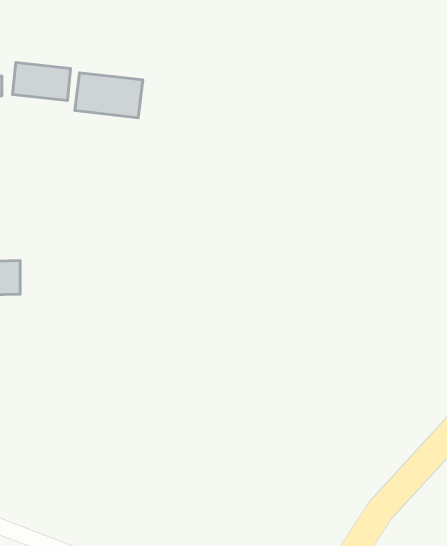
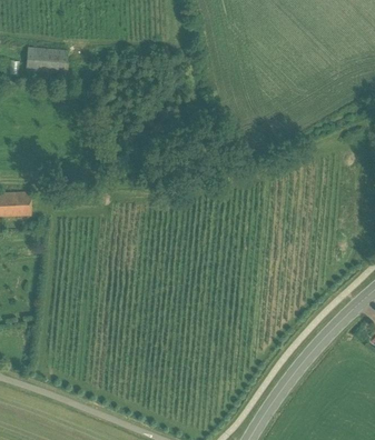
building: [75,73,143,118] -> none

